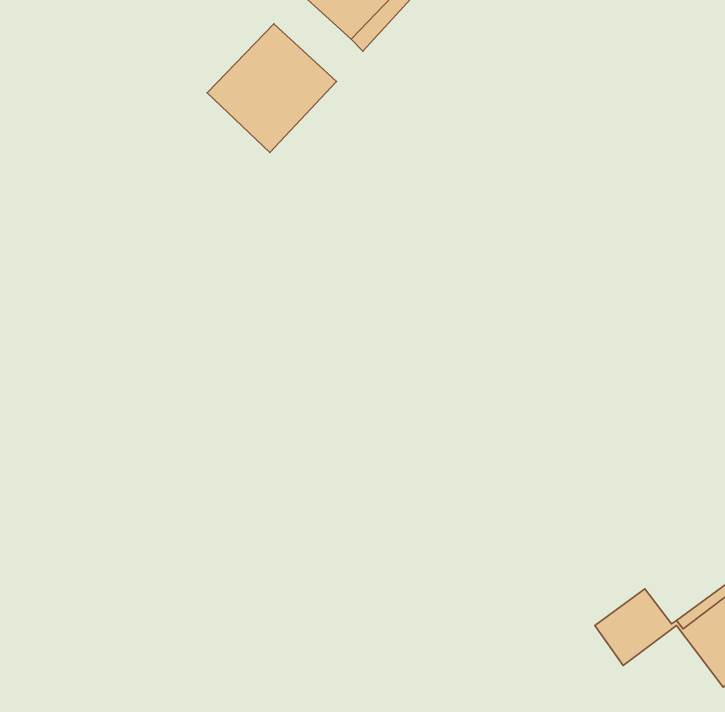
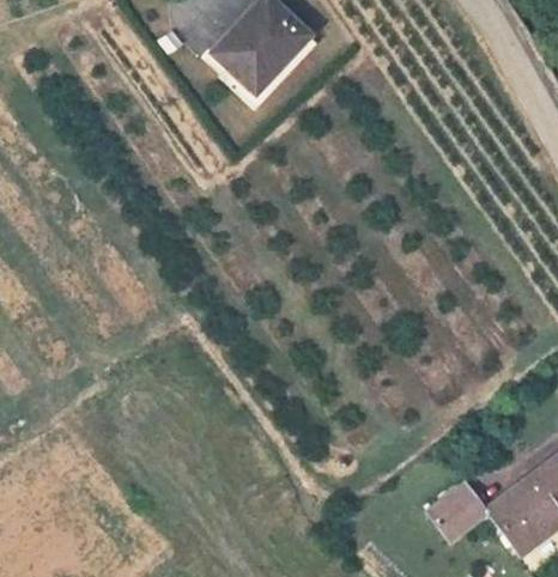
building: [207,24,336,152] -> none

